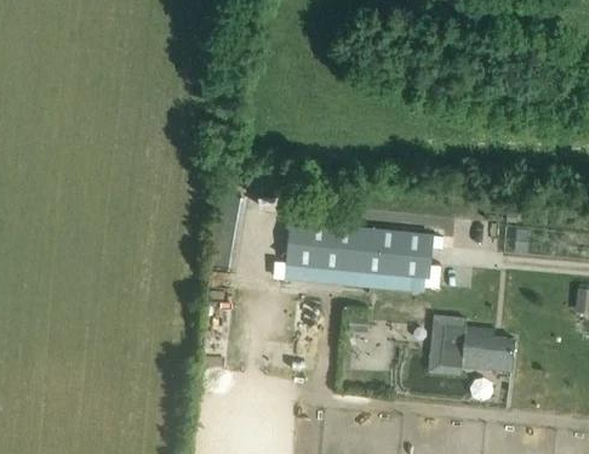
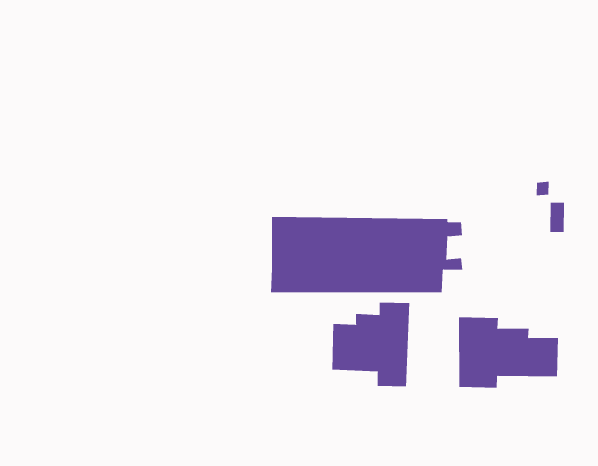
building: none -> [332,302,410,387]

